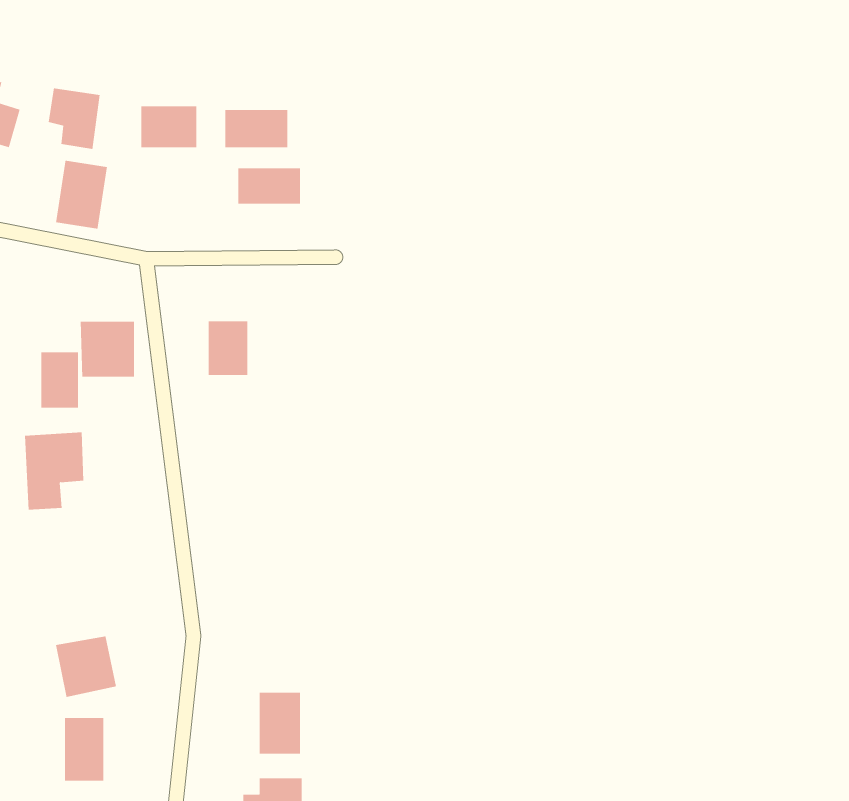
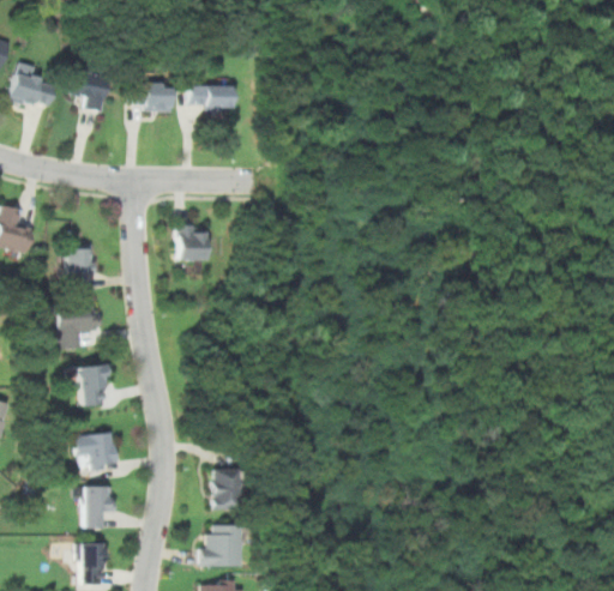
building: [56,160,108,229] -> none
building: [238,168,300,204] -> none
building: [80,321,134,378] -> none
building: none -> [80,366,107,405]

